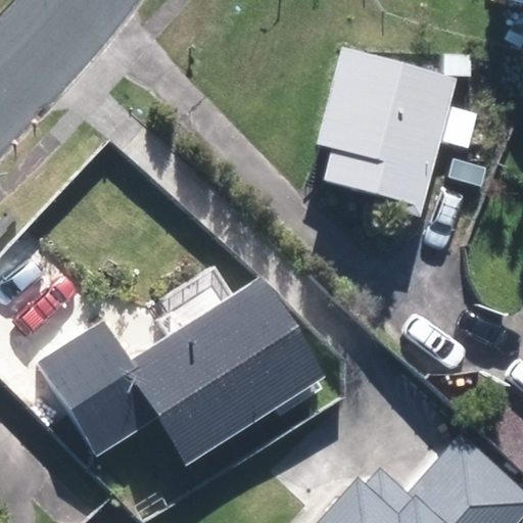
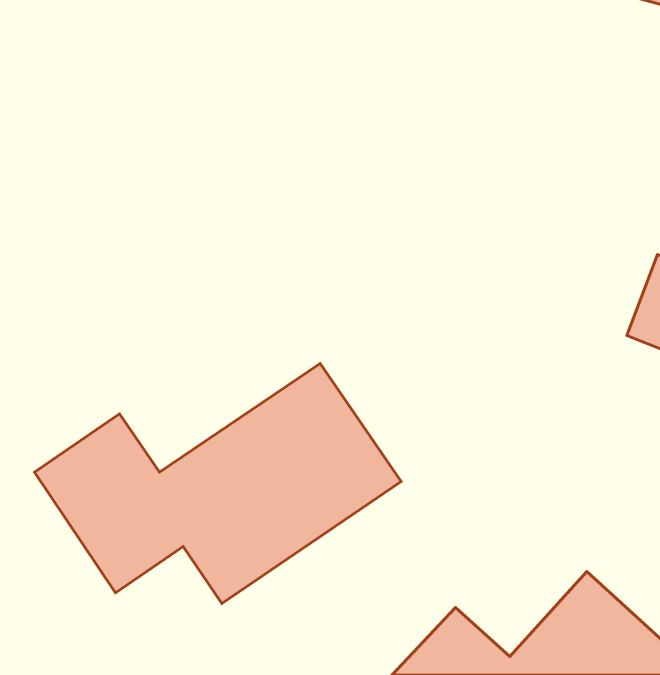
building: [317,47,484,218] -> none

